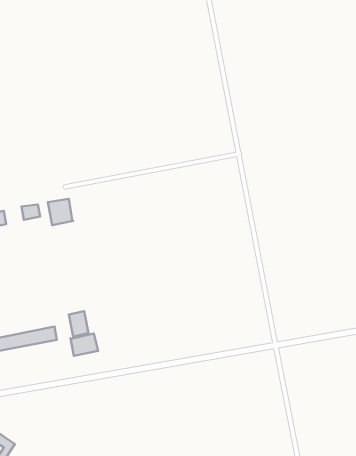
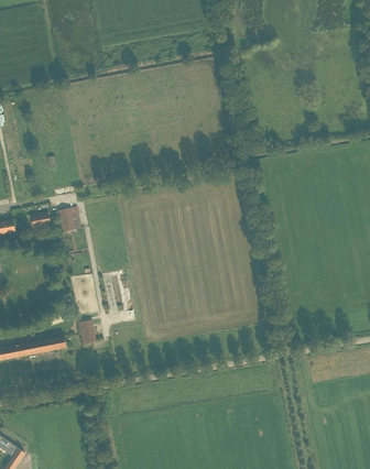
building: [71,334,98,356] -> none

